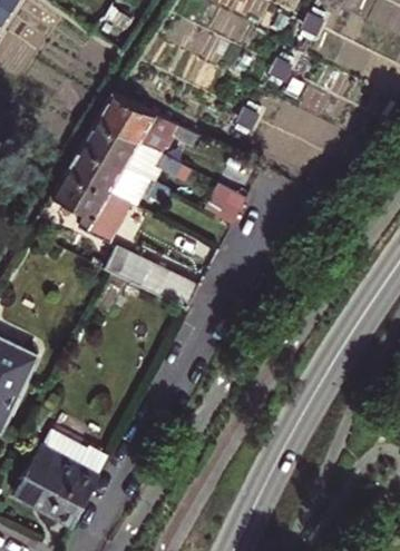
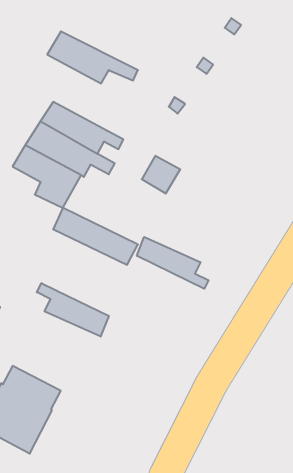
building: [99,94,204,154] -> [47,31,138,83]
building: none -> [137,237,209,289]
building: none -> [37,283,109,337]

